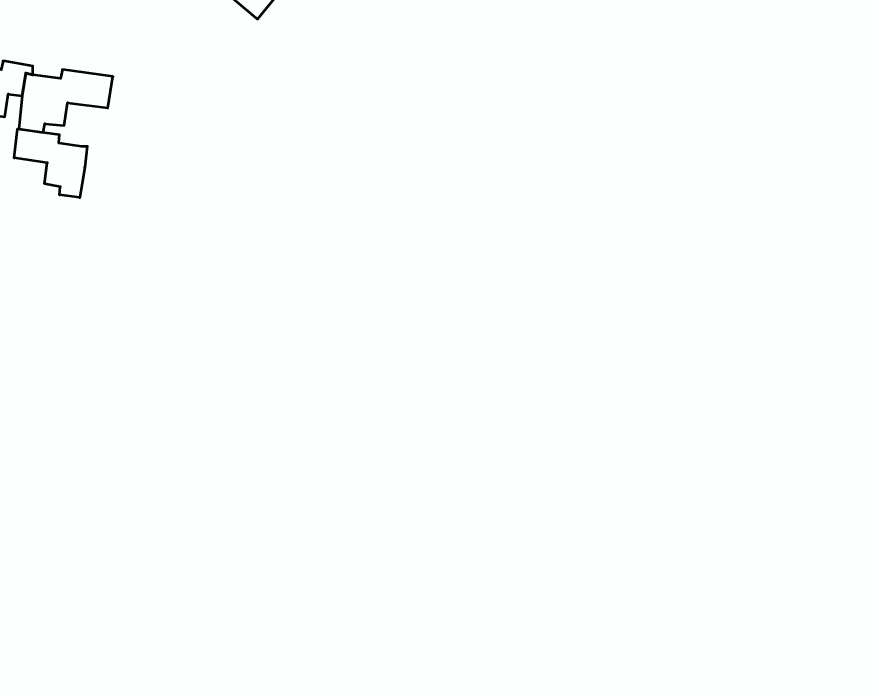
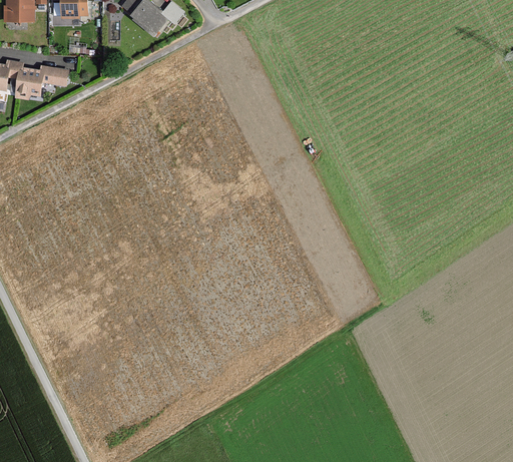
building: [14,129,87,198] -> none

